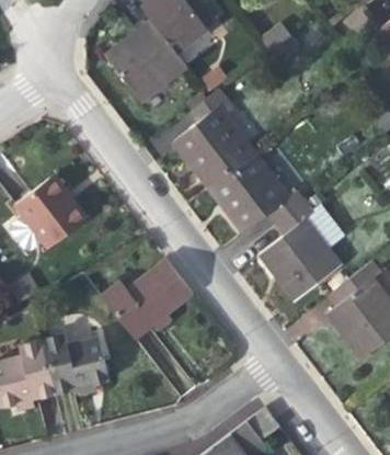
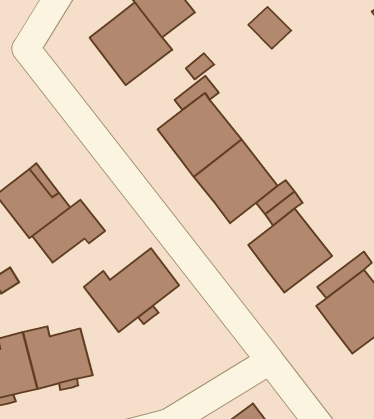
building: none -> [32,200,105,263]

